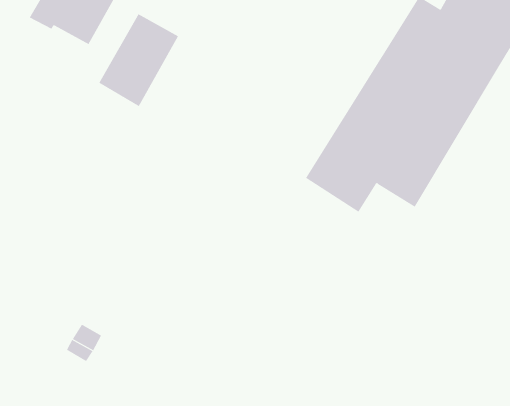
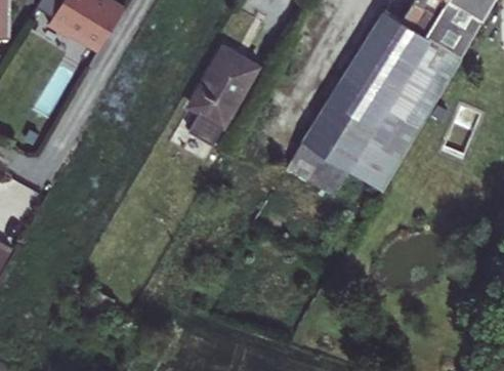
building: [99,14,179,107] -> [188,48,257,128]

